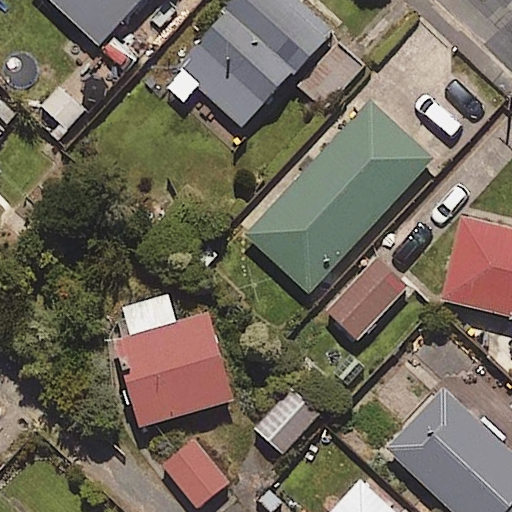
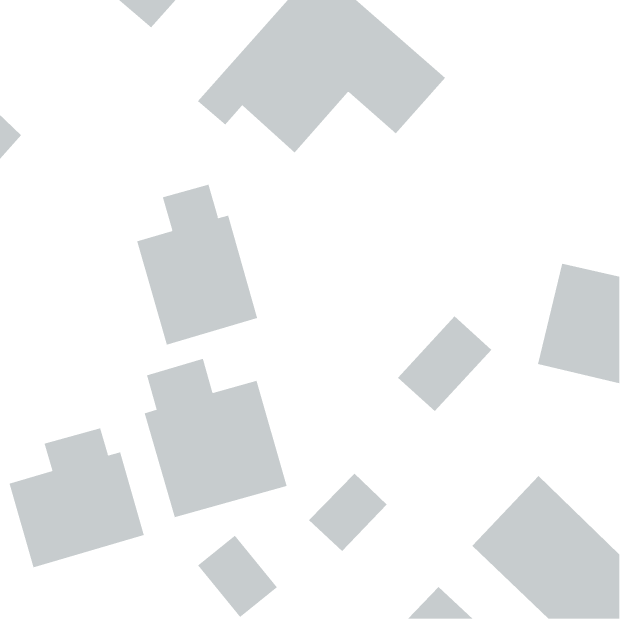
building: [246,102,431,292] -> none
building: none -> [136,184,258,346]
building: none -> [9,427,144,568]

